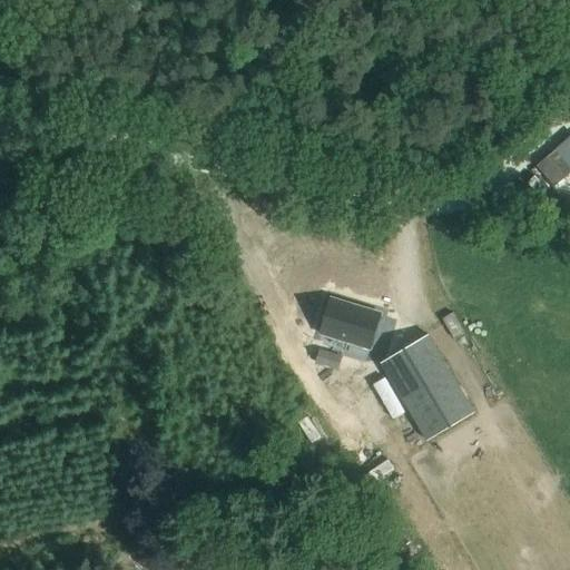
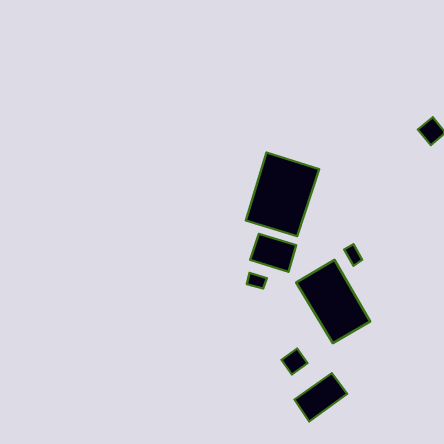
building: none -> [246,153,319,236]
building: none -> [294,373,347,421]

